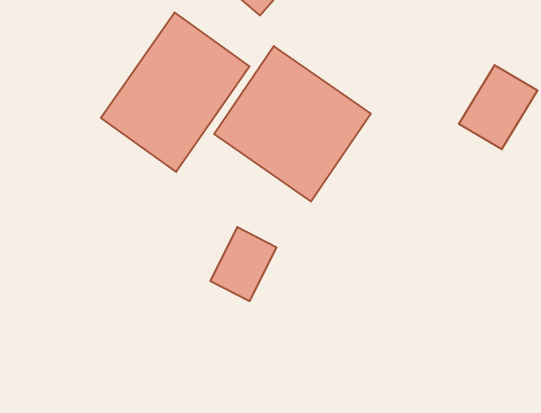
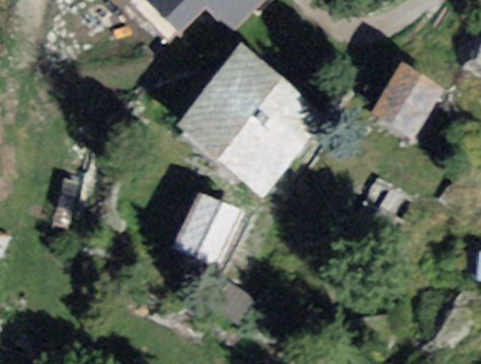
building: [101,12,250,172] -> none

